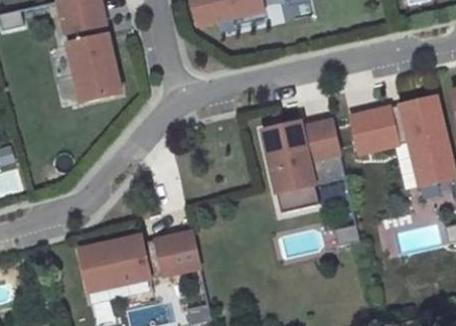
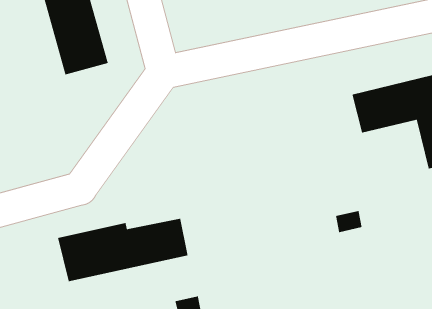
building: [260,120,344,212] -> none

